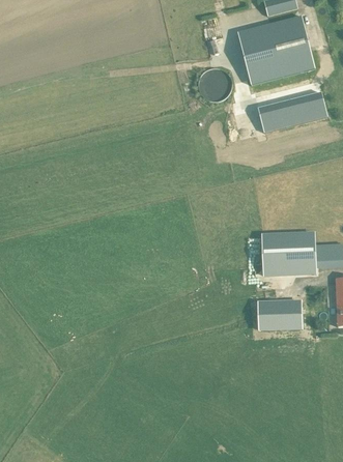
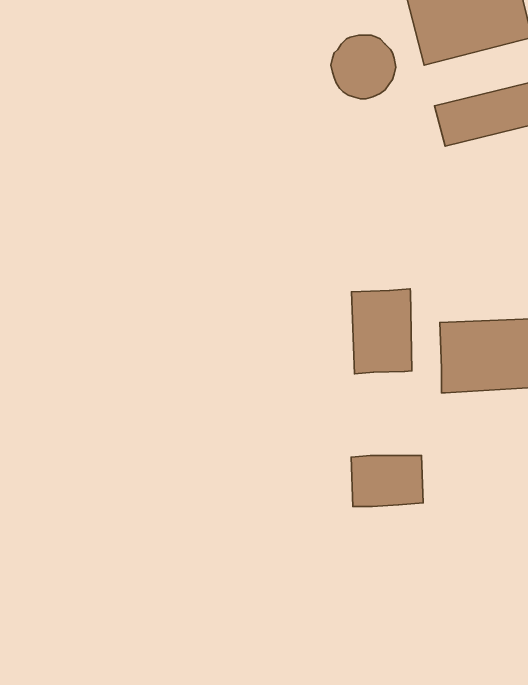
building: none -> [351,289,412,374]
building: [258,301,301,331] -> [351,455,423,506]

